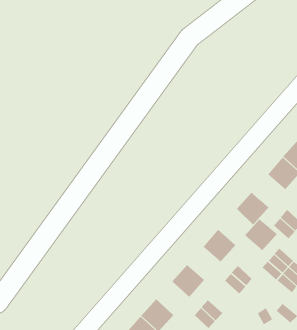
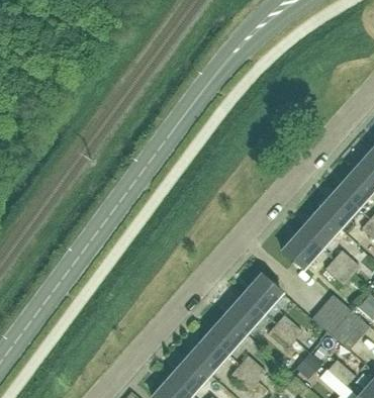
building: [244,218,278,251] -> [300,210,340,248]
building: none -> [224,295,264,333]
building: none -> [188,335,227,375]

